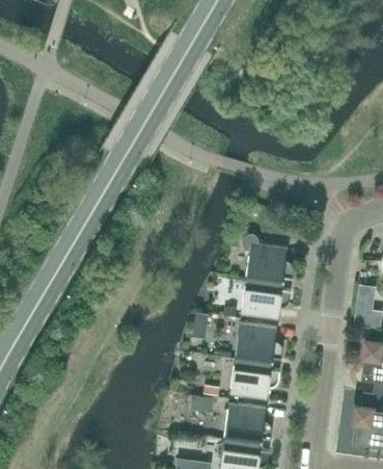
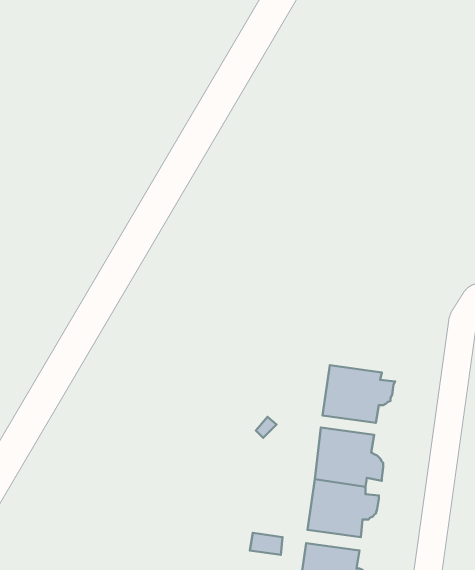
building: [241,234,293,284] -> none

